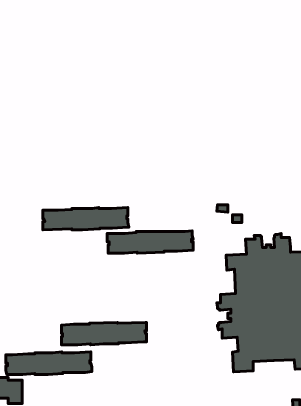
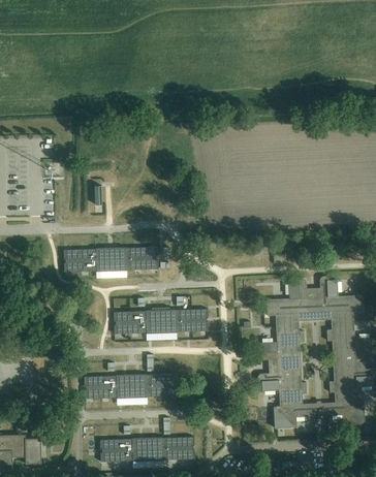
building: [107,231,193,253] -> [114,309,209,333]
building: [6,352,92,374] -> [100,437,195,462]

